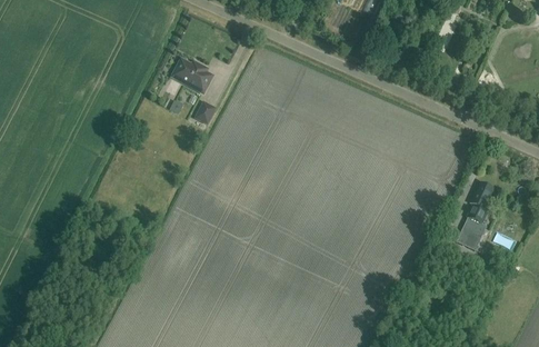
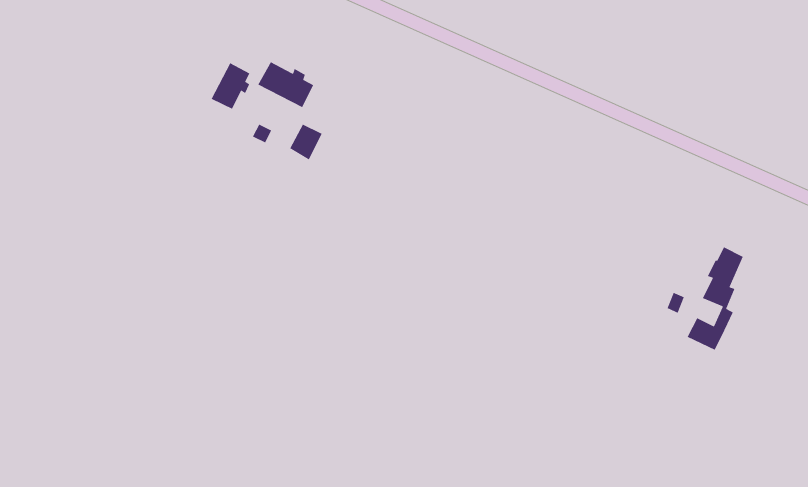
building: none -> [210,62,251,110]

